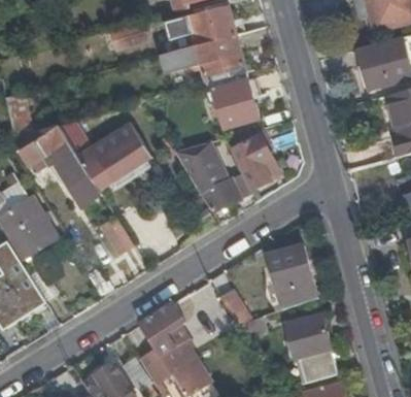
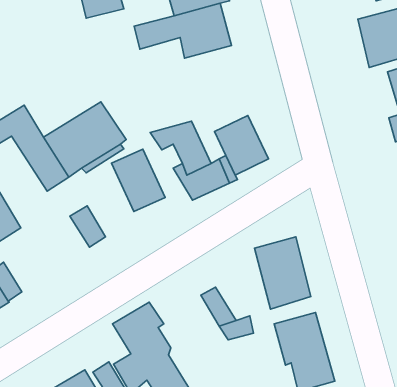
building: [212,77,259,128] -> none
building: none -> [112,149,165,212]

